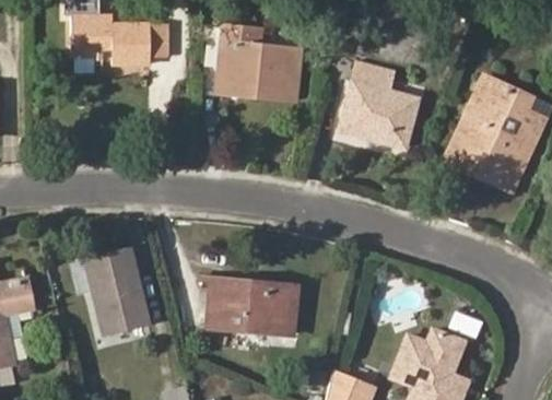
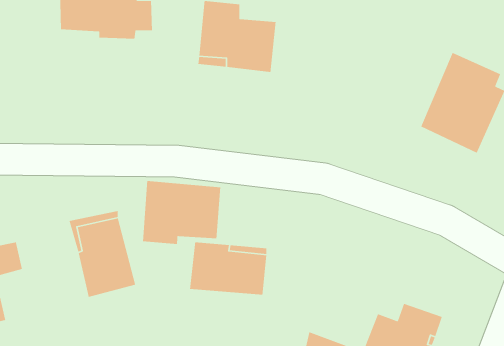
building: [338,61,419,148] -> none
building: none -> [142,180,221,245]

